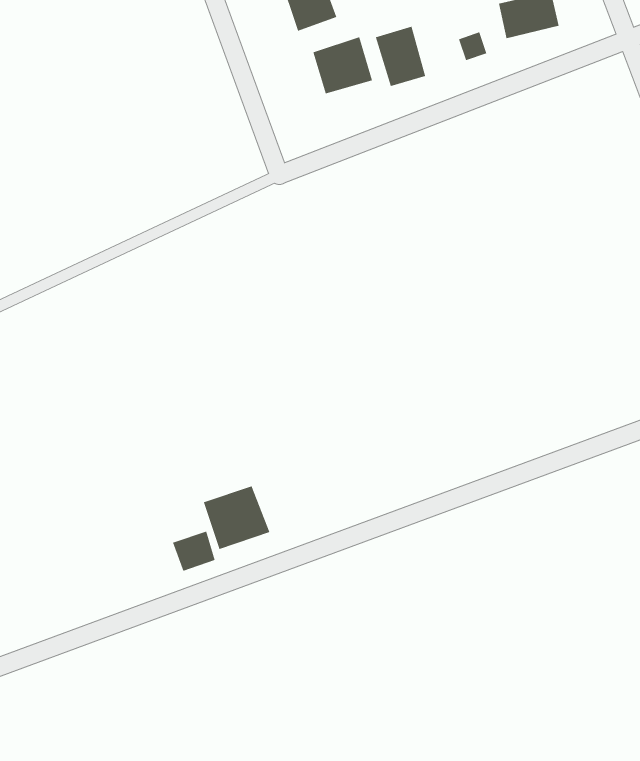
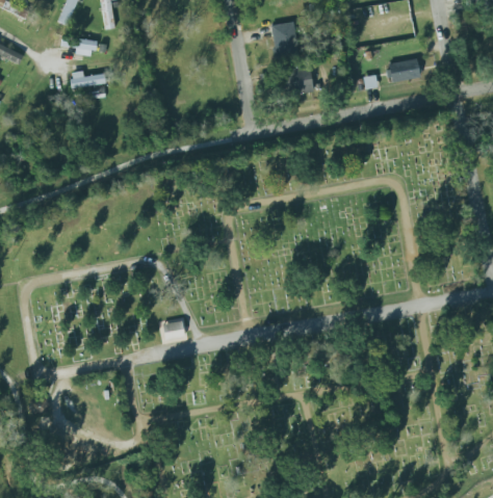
building: [375,26,426,87] -> none
building: [203,485,270,550] -> none

